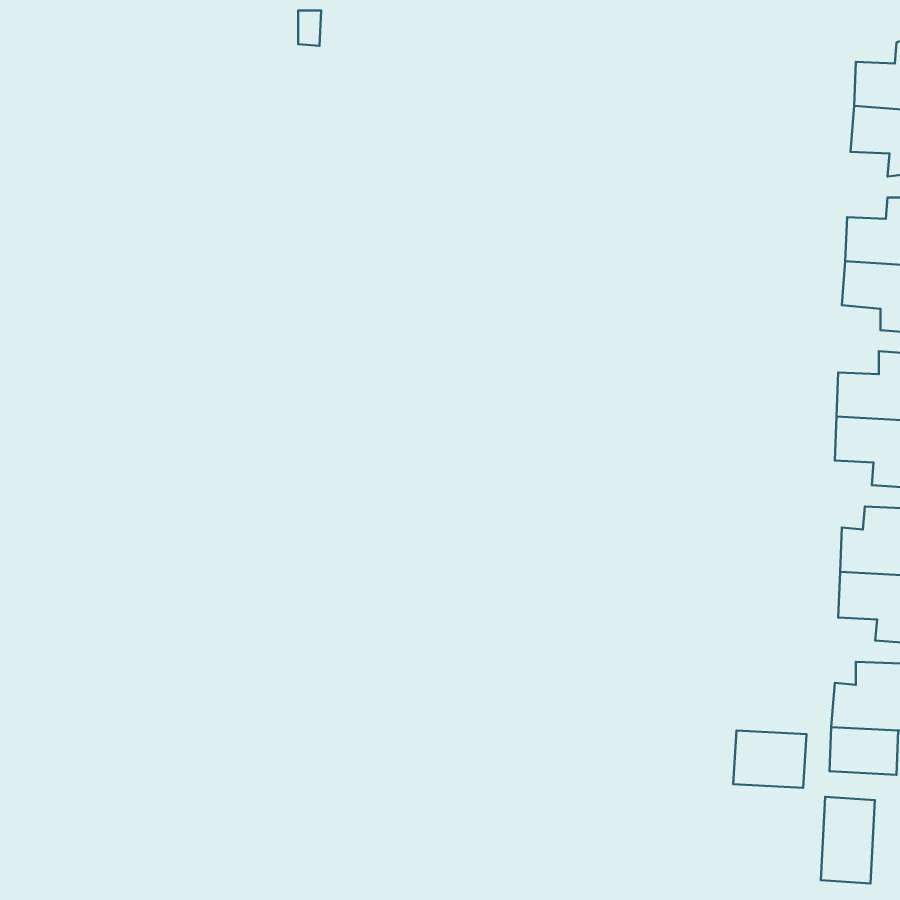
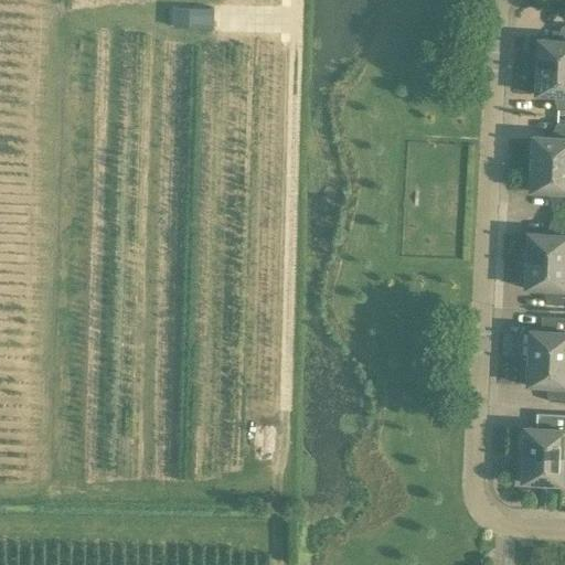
building: [733,731,806,788] -> none
building: [821,797,875,884] -> none

